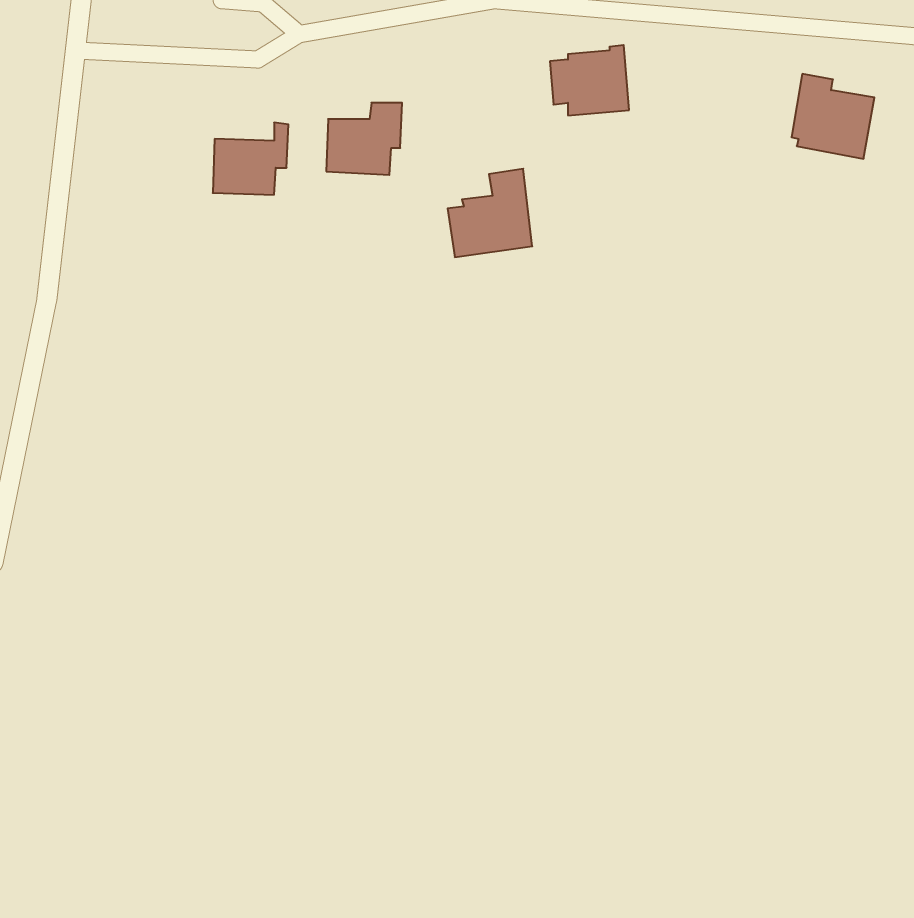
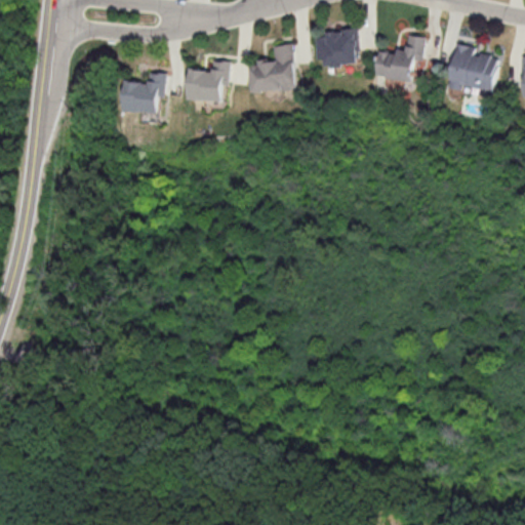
building: none -> [375,35,425,82]
building: [448,169,532,257] -> [247,43,295,93]

